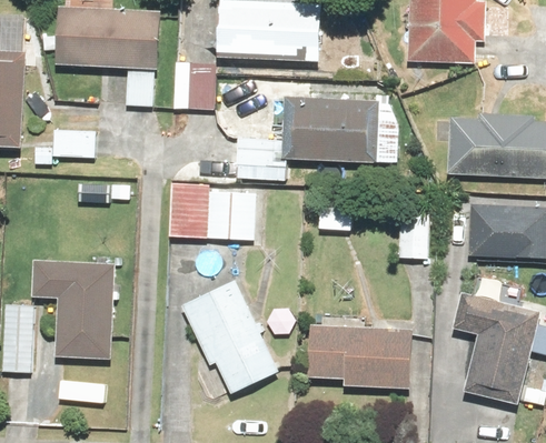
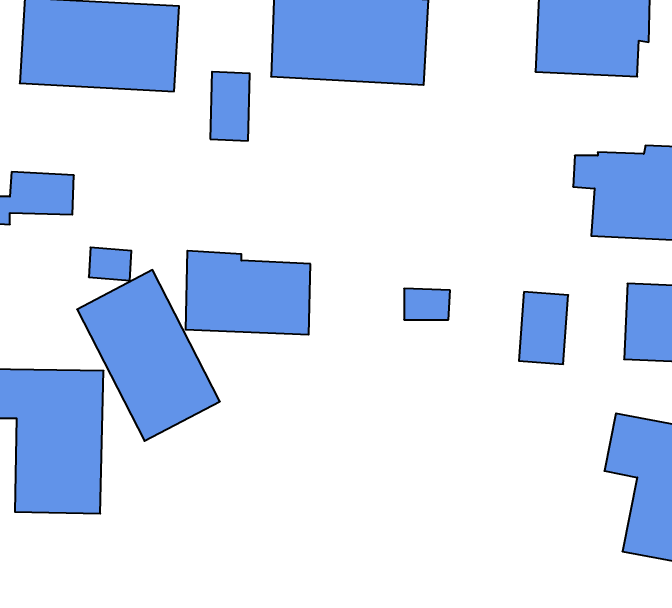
building: [236,95,380,179] -> none
building: [181,276,278,392] -> [77,270,220,441]
building: [308,309,414,384] -> none

